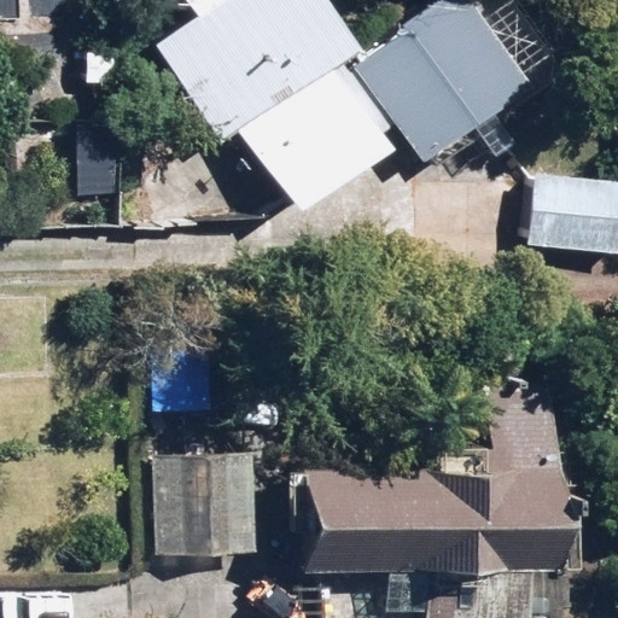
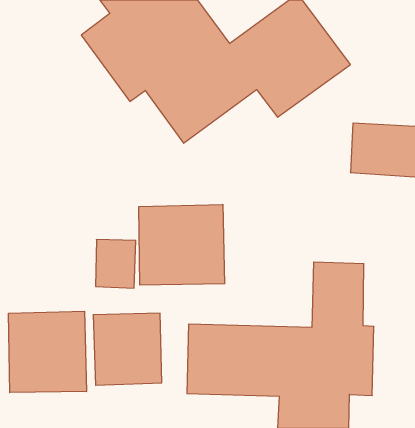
building: none -> [139,204,225,285]
building: none -> [9,311,86,393]

